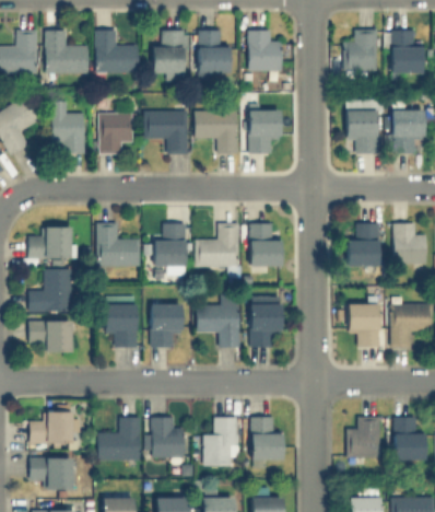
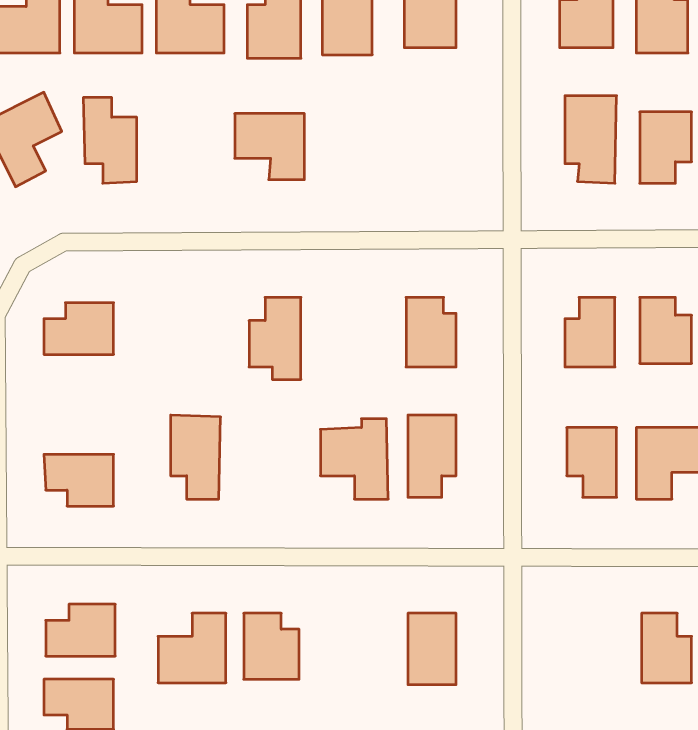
building: [250,110,280,153] -> none
building: [197,112,237,154] -> none
building: [101,114,133,154] -> none
building: [197,223,239,276] -> none
building: [97,224,140,267] -> none
building: [30,269,72,312] -> none
building: [151,304,183,348] -> none
building: [348,417,380,458] -> none
building: [204,418,238,466] -> none

